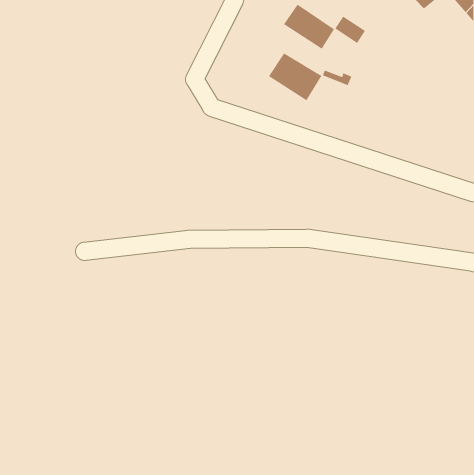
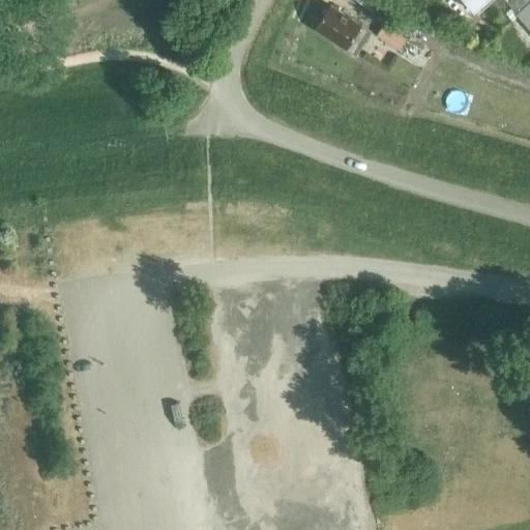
building: [268,52,322,101] -> none

